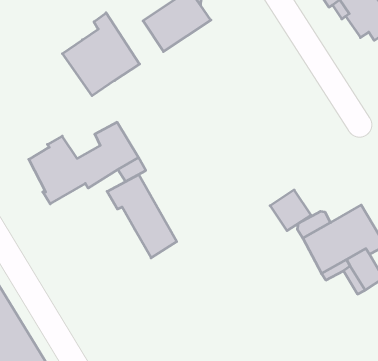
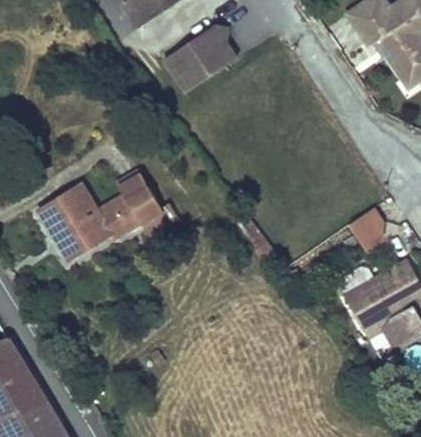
building: [62,13,140,96] -> none
building: [107,174,177,258] -> none
building: [270,190,311,231] -> [349,205,393,249]

